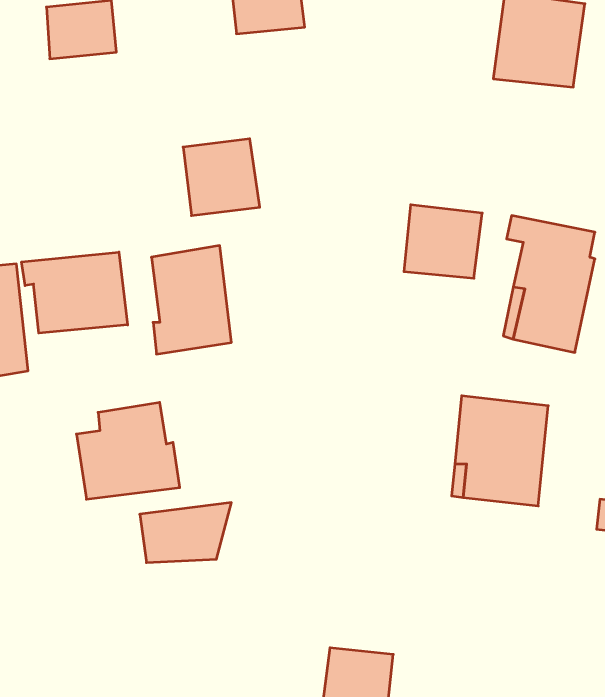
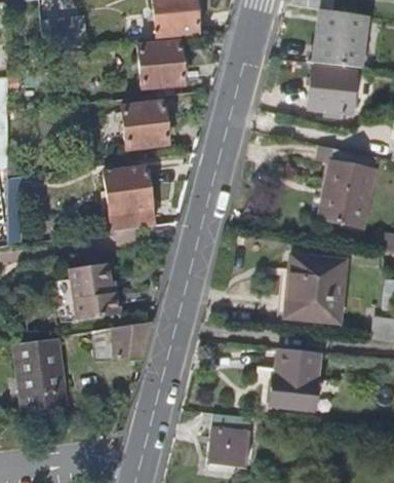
building: none -> [136,40,181,85]
building: [404,205,482,278] -> [307,67,355,112]
building: [22,252,128,333] -> none
building: none -> [16,336,68,409]
building: none -> [282,350,331,408]

